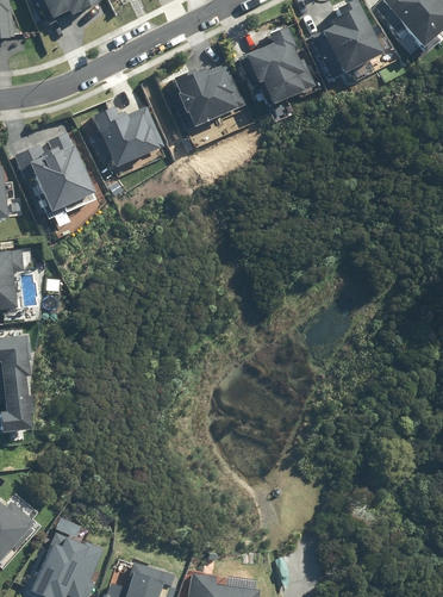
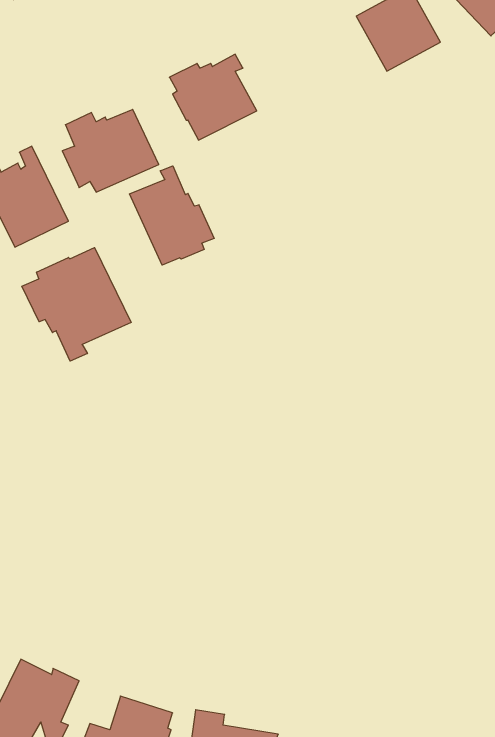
building: [242,26,317,108] -> none
building: none -> [129,166,214,265]
building: none -> [22,248,131,361]

